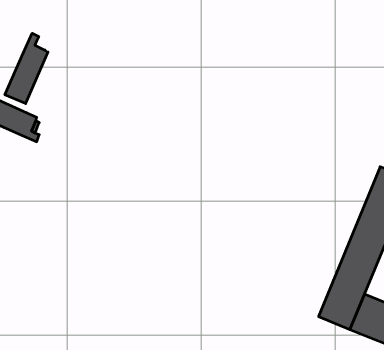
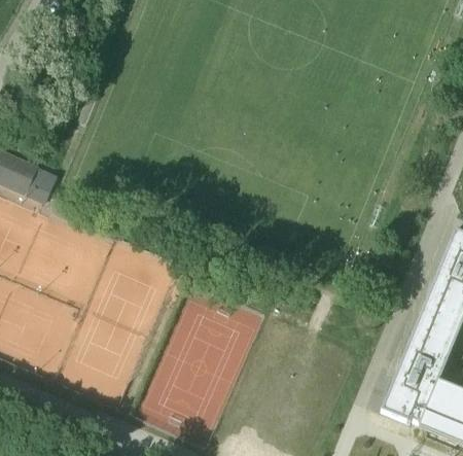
building: [5,33,48,104] -> none

